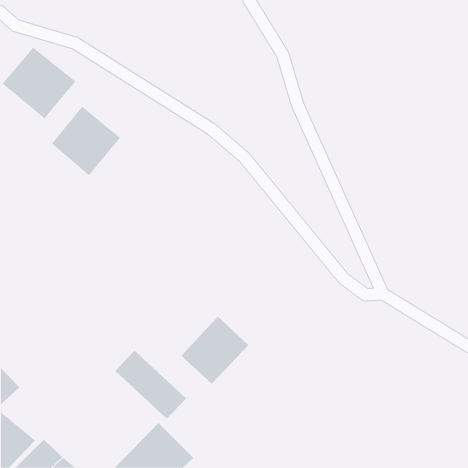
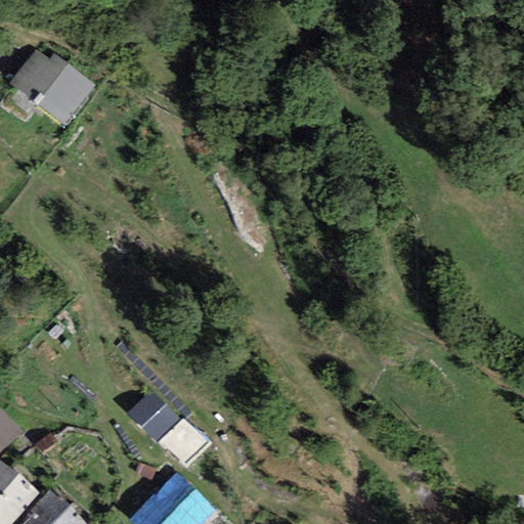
building: [51,106,121,176] -> none
building: [180,316,249,384] -> none

